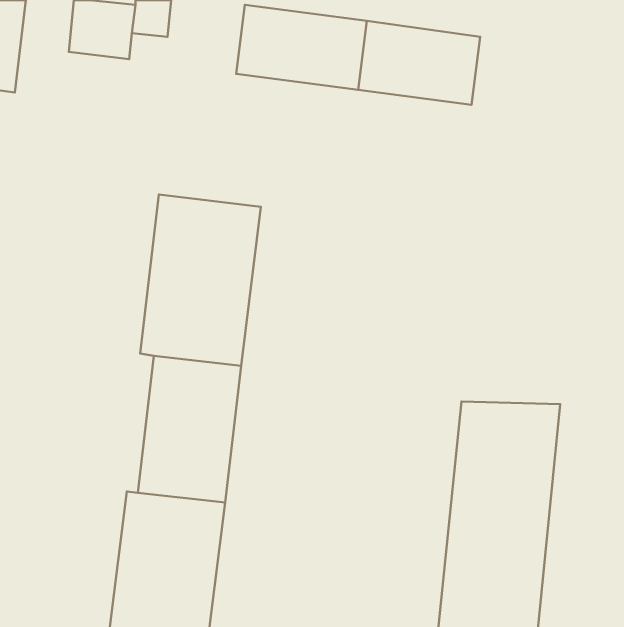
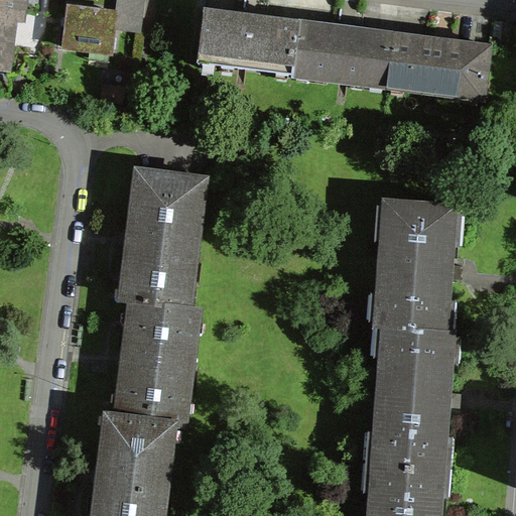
building: none -> [386,32,490,101]
building: none -> [378,209,462,333]

